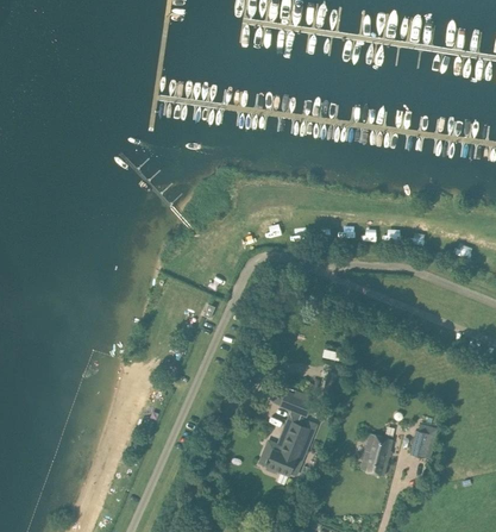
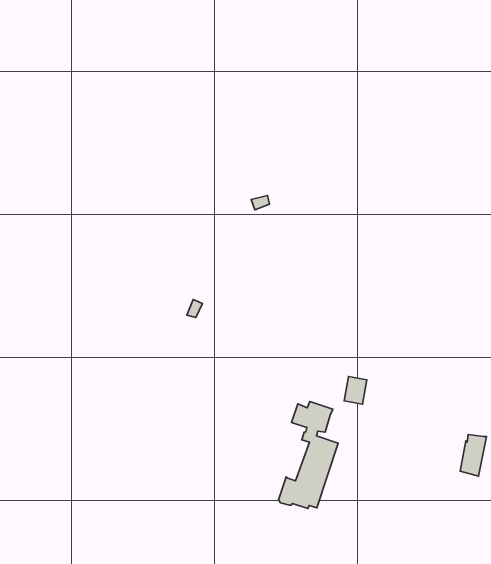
building: [358,433,390,476] -> none

